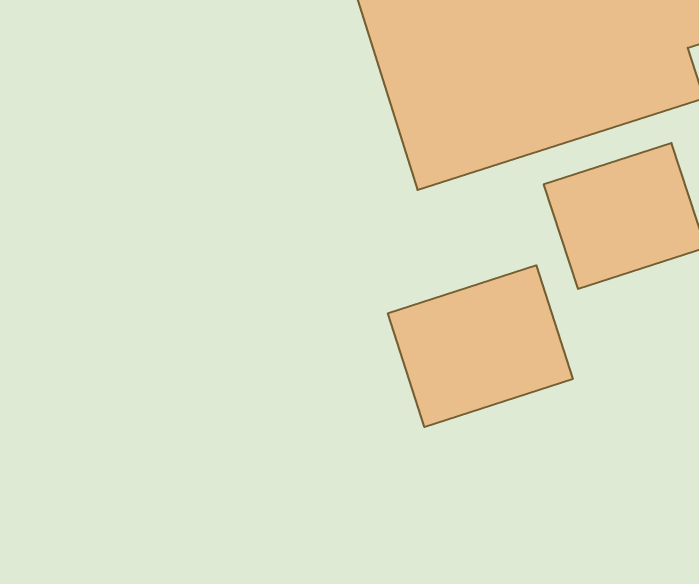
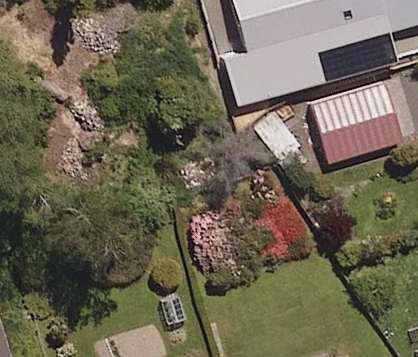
building: [388,265,573,427] -> none

